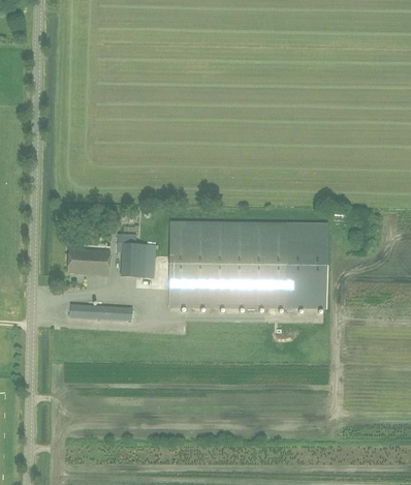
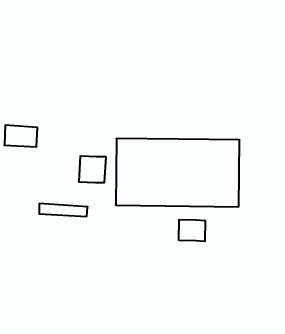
building: [67,246,109,274] -> [4,125,37,147]
building: none -> [179,220,205,241]

